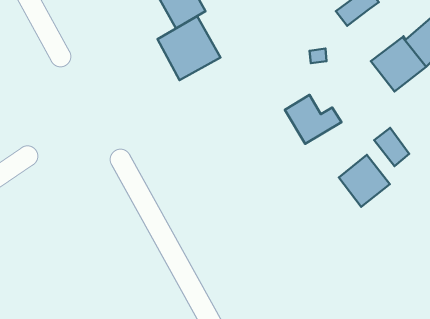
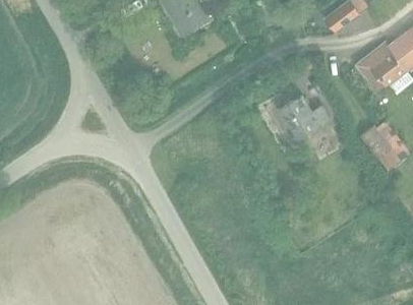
building: [157,16,220,80] -> none
building: [339,155,390,207] -> none

